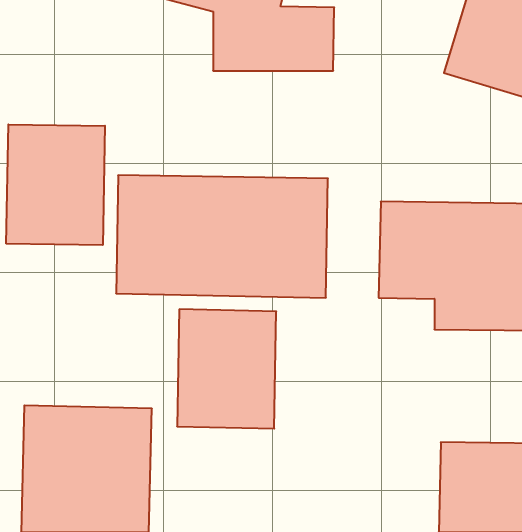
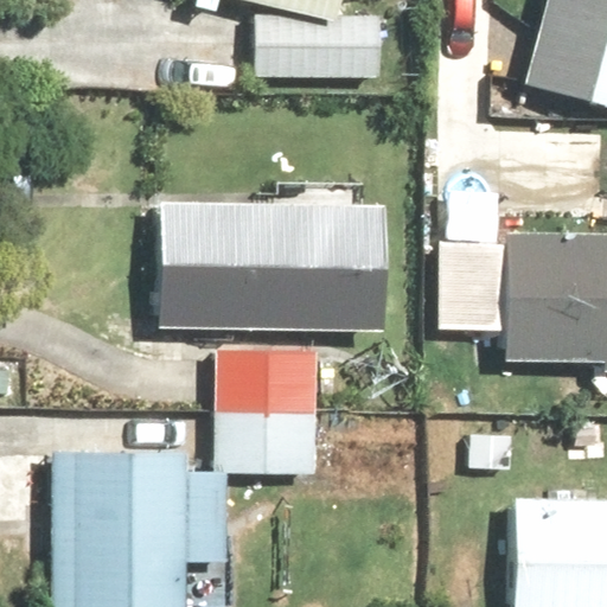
building: [6,124,105,245] -> none

